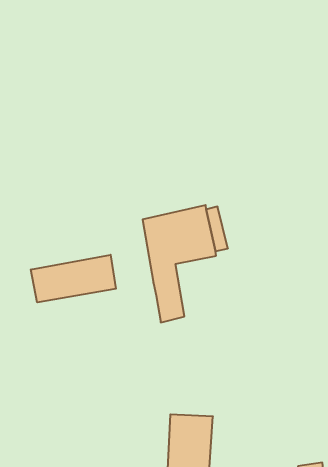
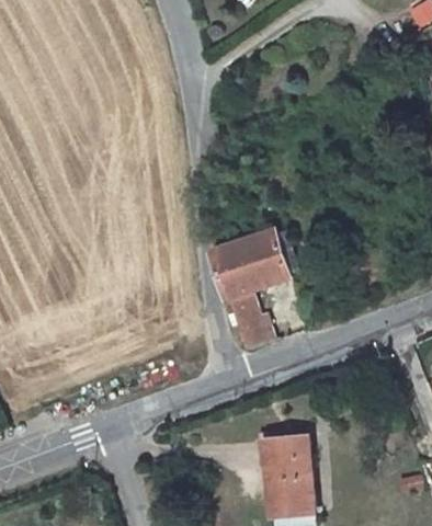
building: [31,255,116,302] -> none

